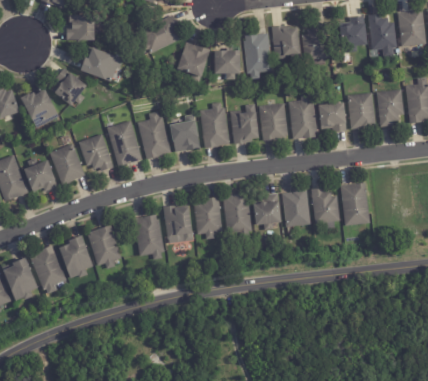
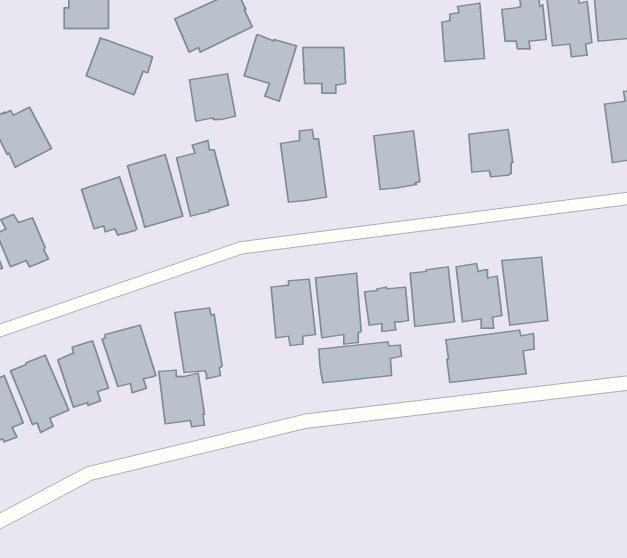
building: [271,25,301,59] -> none
building: [243,32,272,79] -> none
building: [48,65,83,103] -> none
building: [376,88,404,126] -> none
building: [289,93,317,138] -> none
building: [347,93,375,129] -> none
building: [230,110,259,144] -> none
building: [166,119,195,149] -> [190,74,235,121]
building: [46,141,81,183] -> none
building: [163,205,192,241] -> [159,370,205,427]
building: none -> [446,330,534,382]
building: none -> [319,342,401,383]

